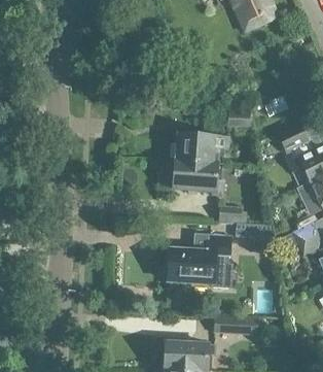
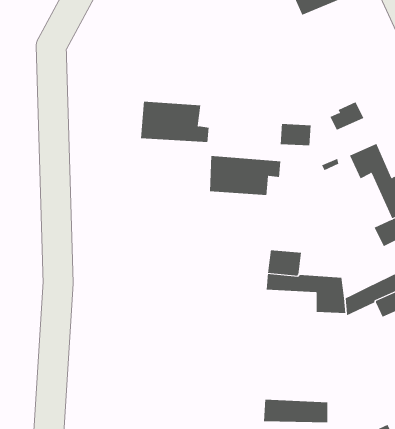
building: [173,161,224,192] -> [140,101,210,143]
building: [168,235,234,283] -> none

